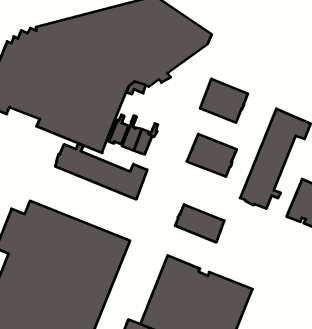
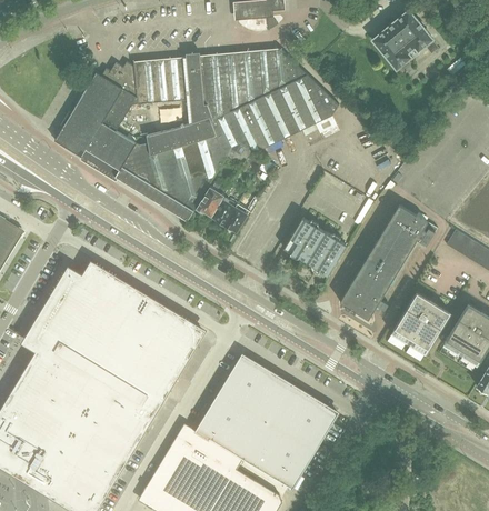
building: [200,79,248,123] -> none
building: [55,144,147,199] -> none
building: [175,204,224,242] -> none

